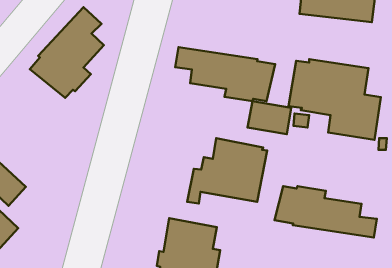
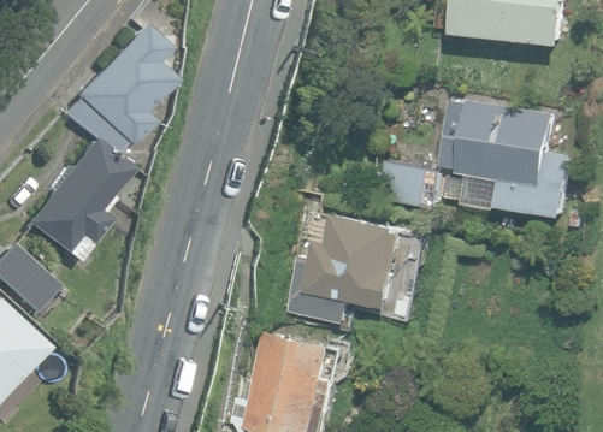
building: [175,47,275,101] -> none
building: none -> [23,137,128,261]
building: [275,186,377,237] -> none

